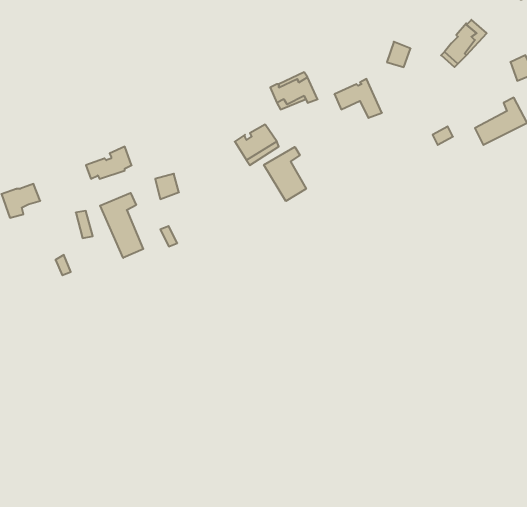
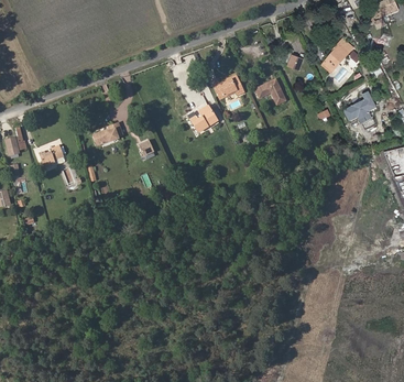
building: [264,147,306,201] -> none
building: [100,193,143,258] -> none

